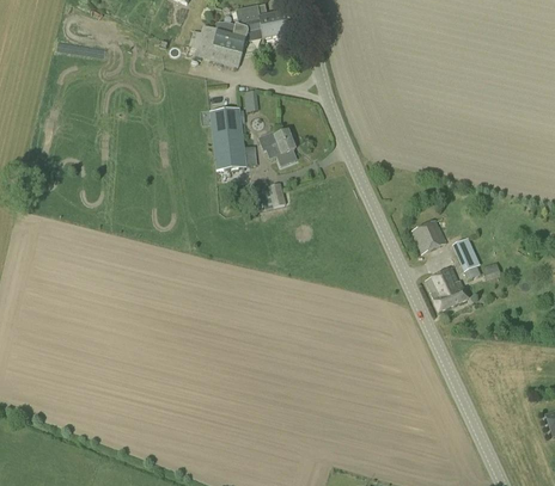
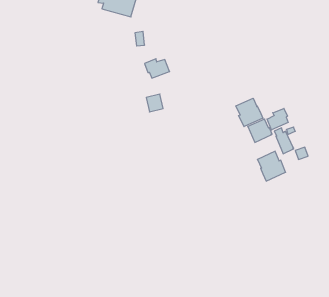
building: [209,107,248,170] -> none
building: none -> [236,98,263,127]
building: none -> [267,108,288,130]

